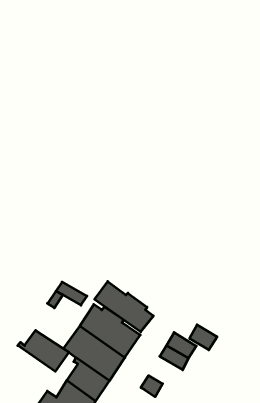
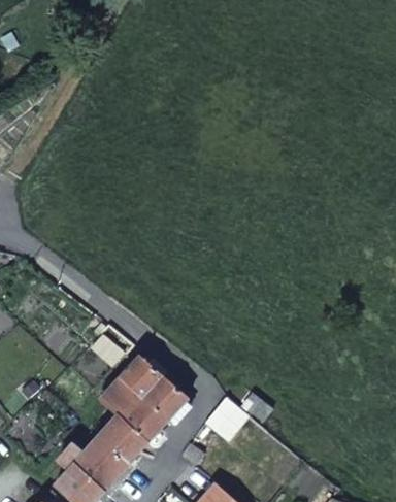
building: [95,281,153,332] -> none
building: [18,330,69,371] -> none

